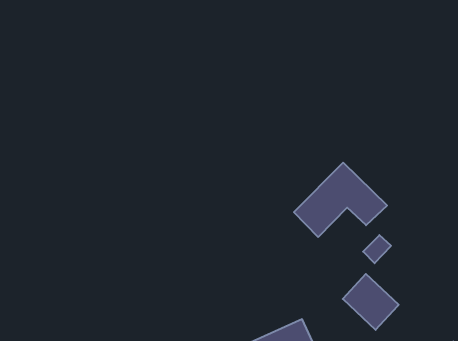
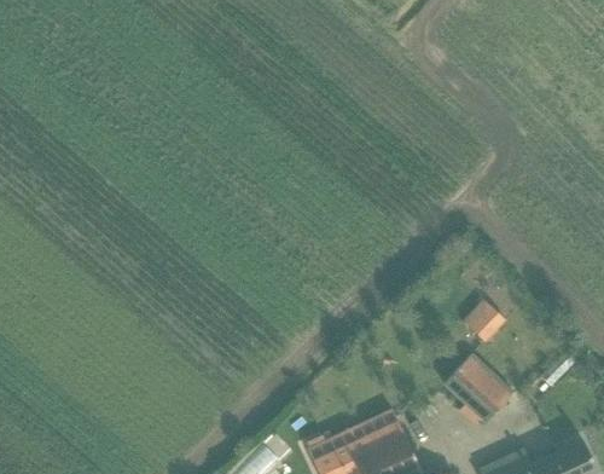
building: [294,163,387,237] -> none

